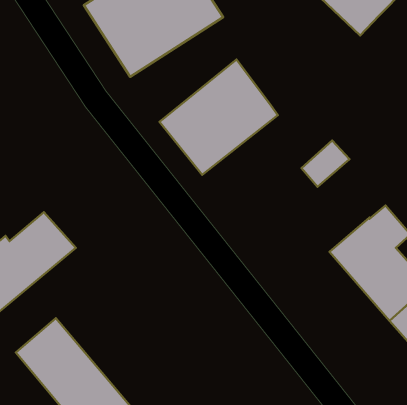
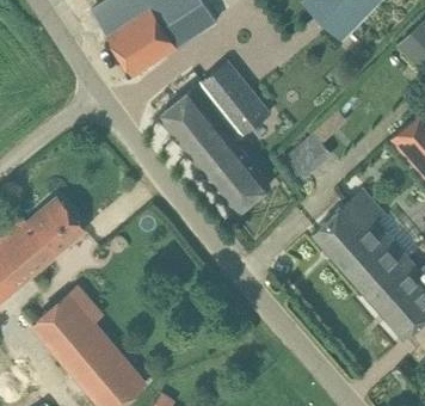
building: none -> [198,110,271,213]

